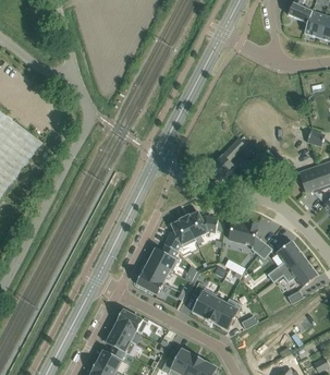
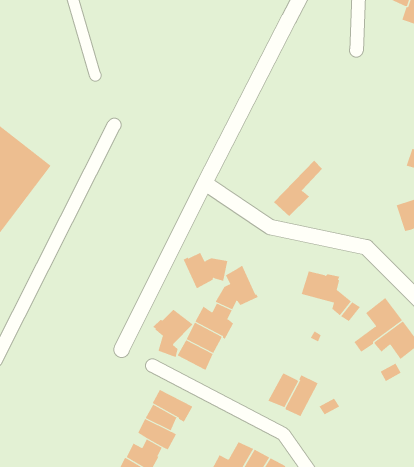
building: [185,210,219,238] -> [183,252,228,289]
building: none -> [152,309,193,358]
building: [192,281,217,317] -> none

